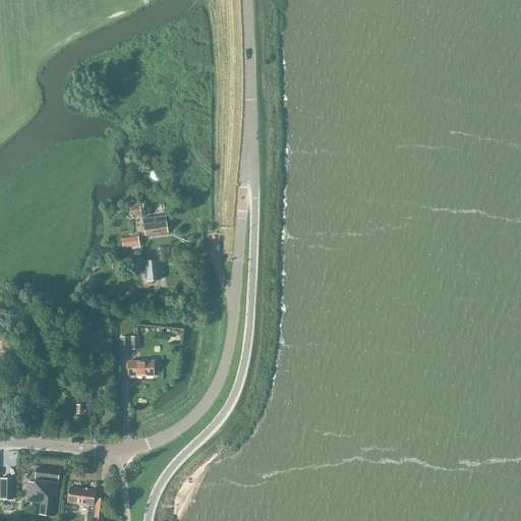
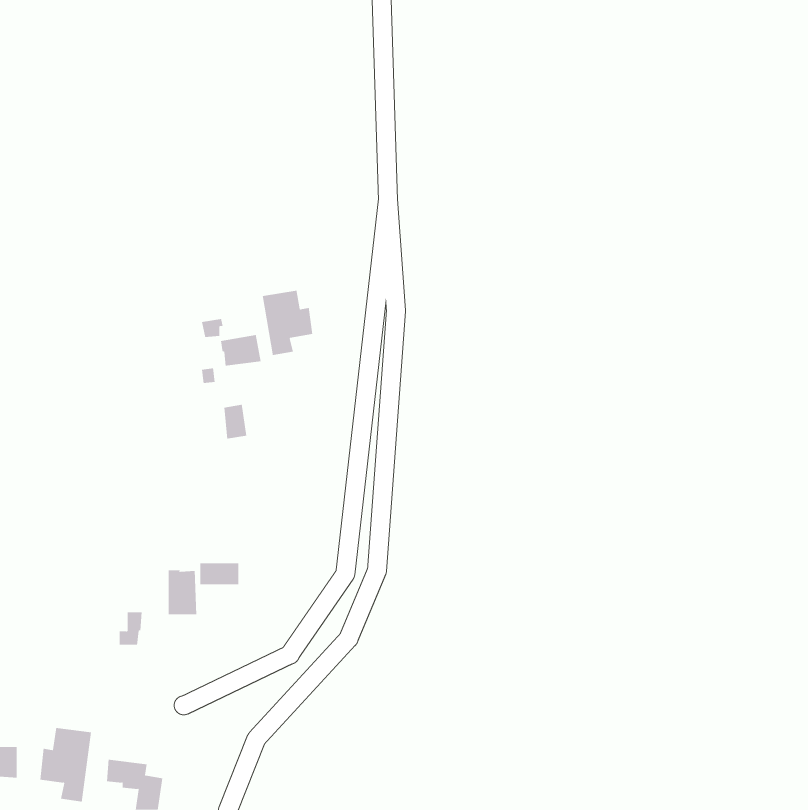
building: none -> [262,290,313,356]
building: none -> [168,569,197,615]

